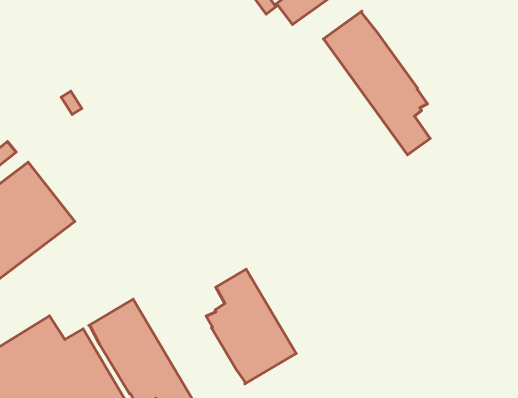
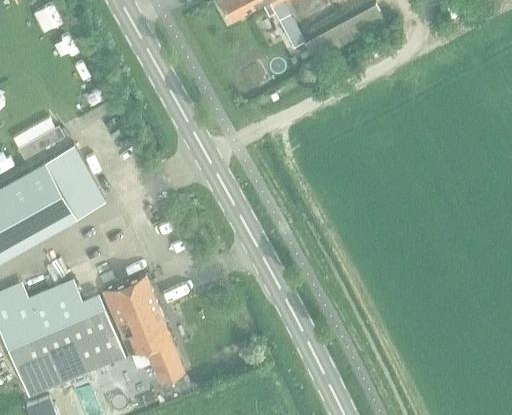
building: [323,11,430,155] -> none
building: [206,269,296,384] -> none

